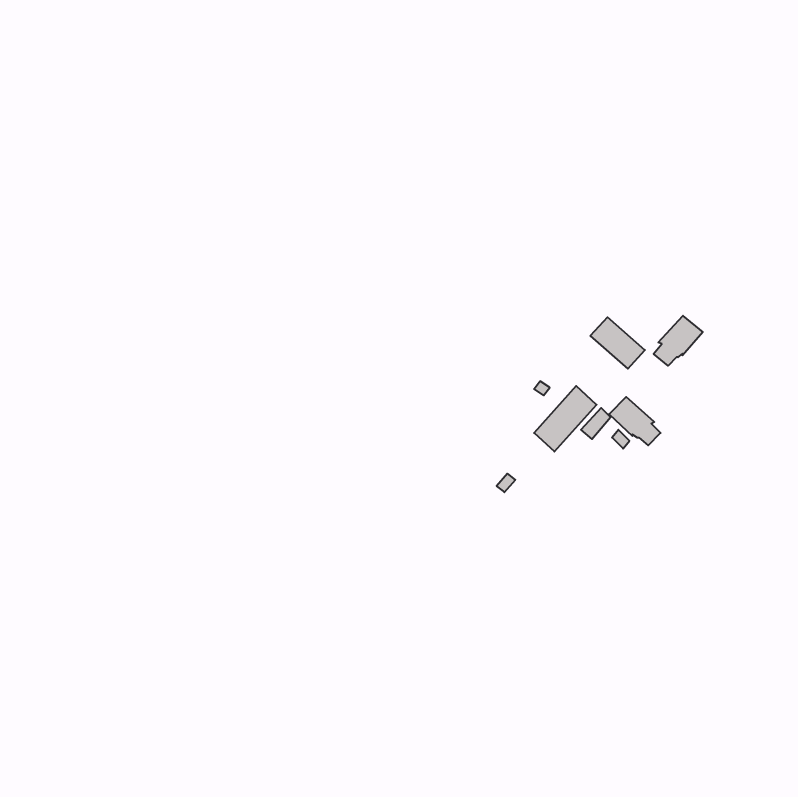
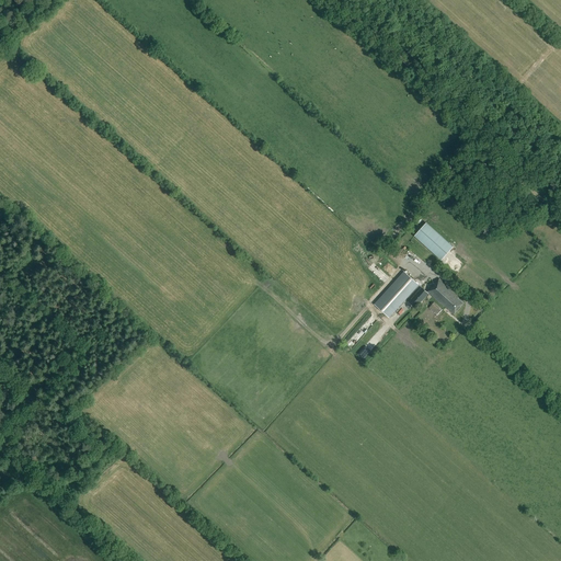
building: [654,316,703,366] -> none

